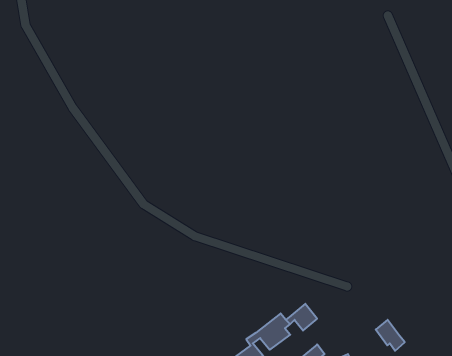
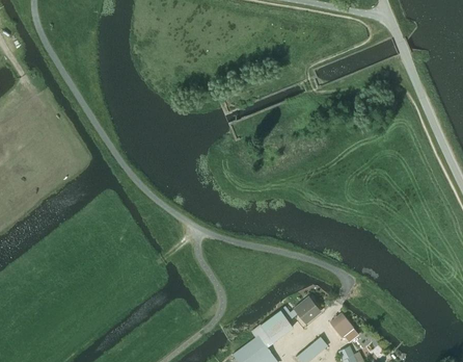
building: [376,320,405,351] -> [330,312,358,342]

